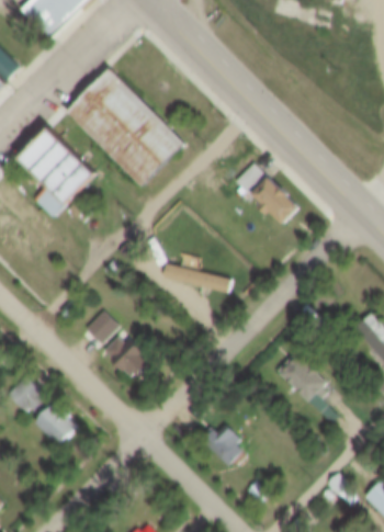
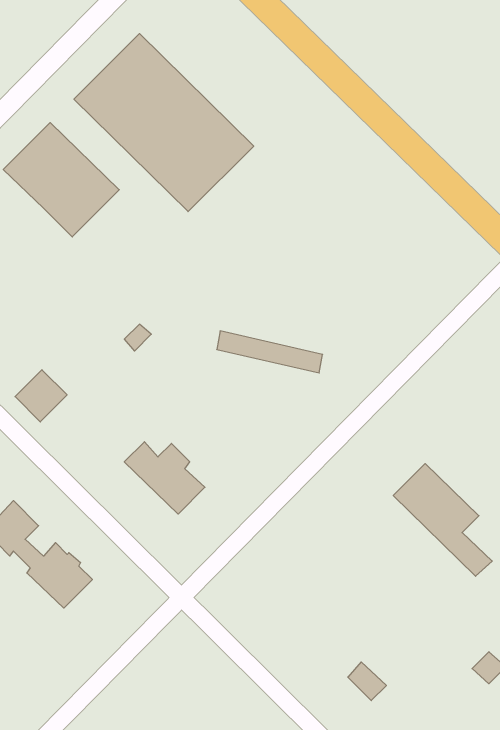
building: [237,161,300,224] -> none
building: [33,183,66,217] -> none
building: [82,310,116,344] -> [15,370,67,422]
building: [200,423,248,467] -> none

